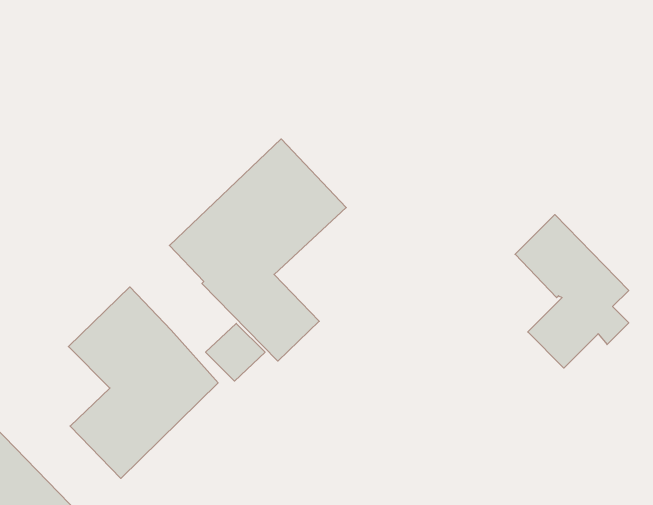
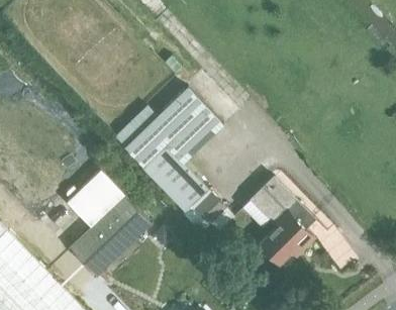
building: [515,215,629,368] -> [251,177,314,263]
building: [206,323,265,381] -> [193,192,226,224]

